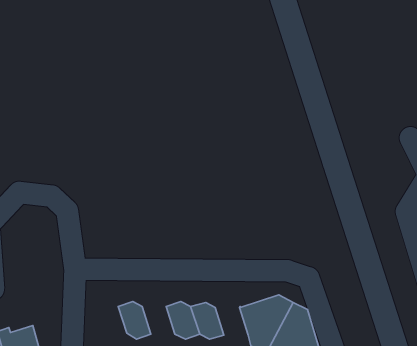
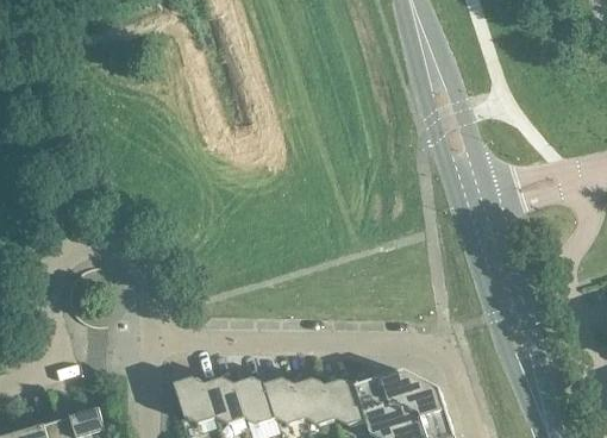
building: none -> [171,377,213,424]
building: none -> [232,378,273,425]
building: none -> [323,380,363,426]

